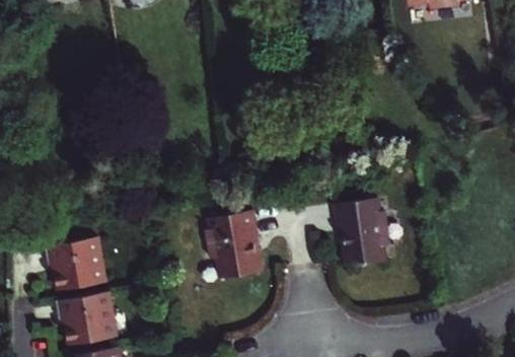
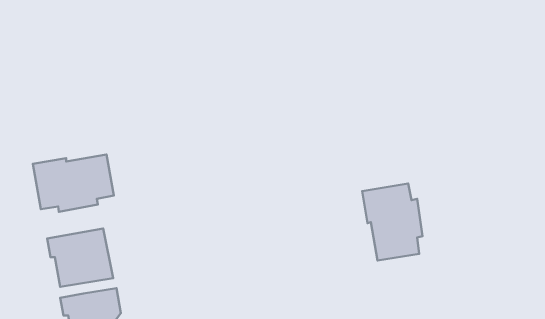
building: none -> [33,155,114,212]
building: [209,212,264,280] -> none

